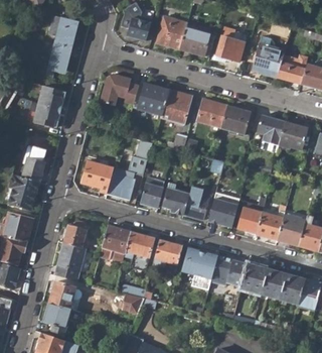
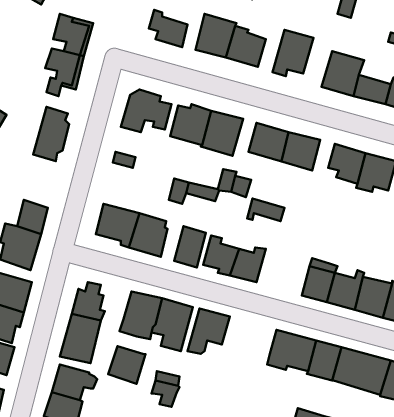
building: [207,193,238,227] -> none
building: [181,247,217,290] -> none
building: none -> [108,346,145,384]

